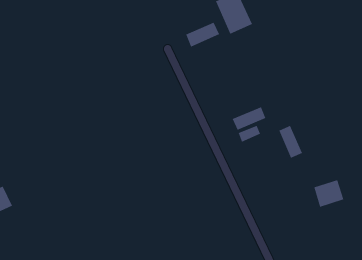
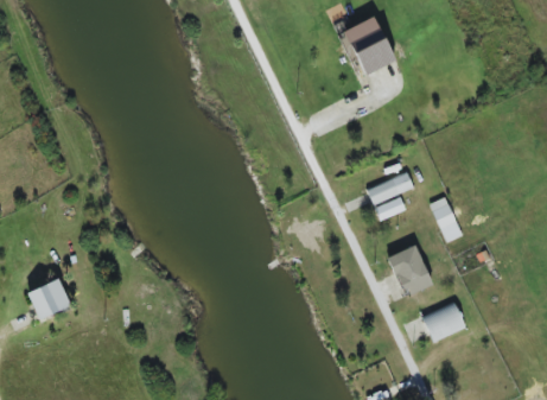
building: [185,22,220,48] -> none
building: none -> [388,245,433,297]
building: [313,179,344,207] -> [424,303,465,341]

